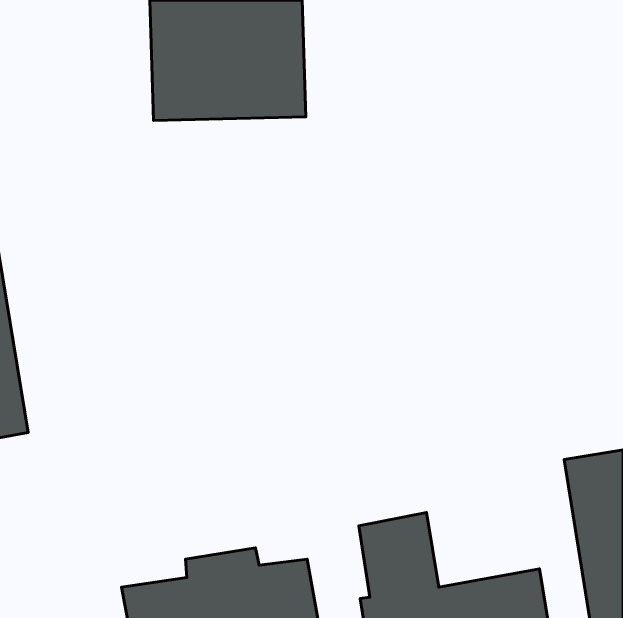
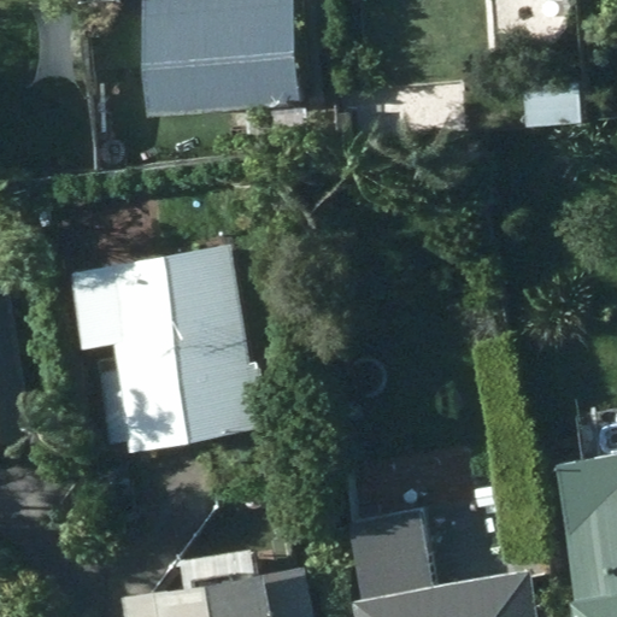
building: none -> [90,245,262,445]

